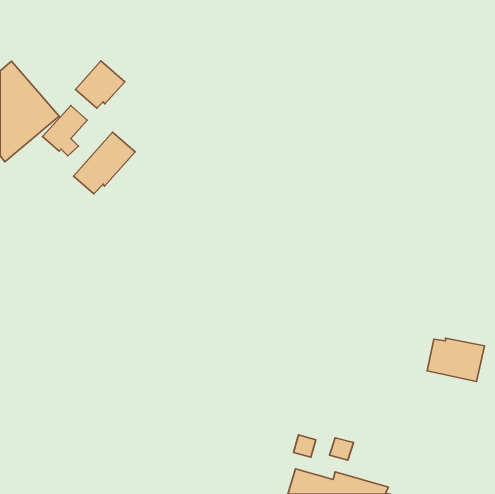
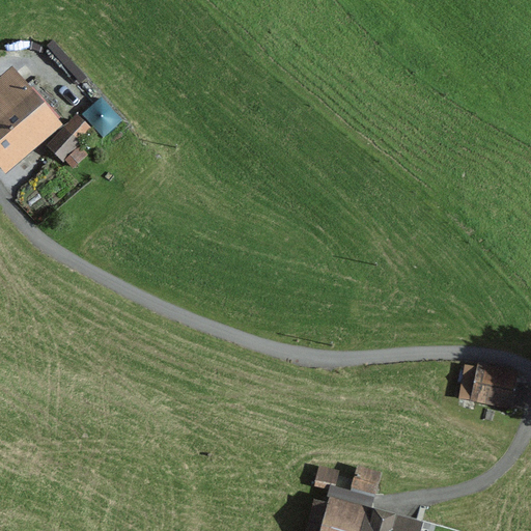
building: [76,61,125,108] -> none
building: [74,132,135,194] -> none

